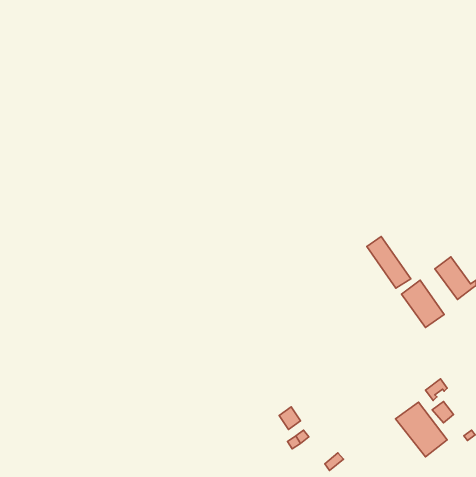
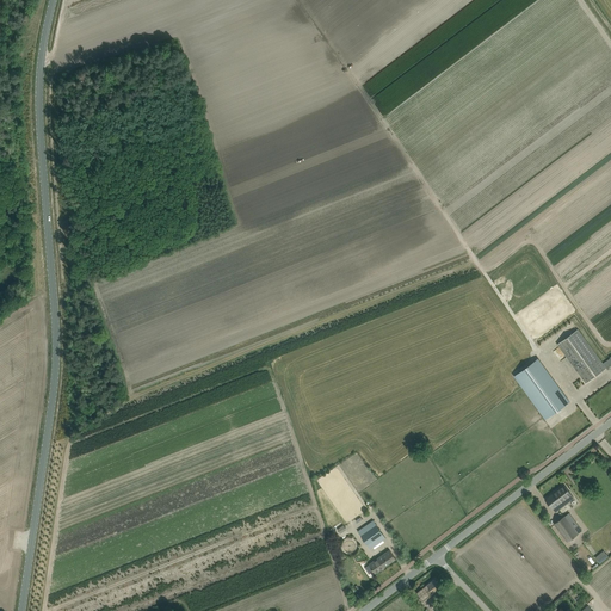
building: [367,237,411,288] -> none
building: [396,402,447,457] -> none

